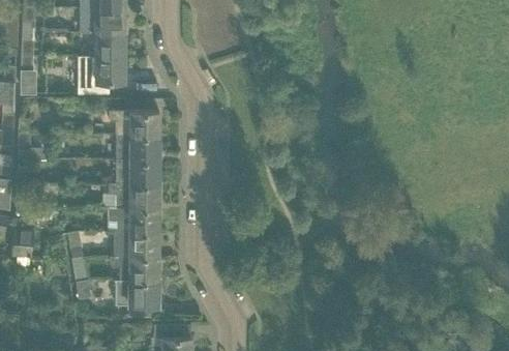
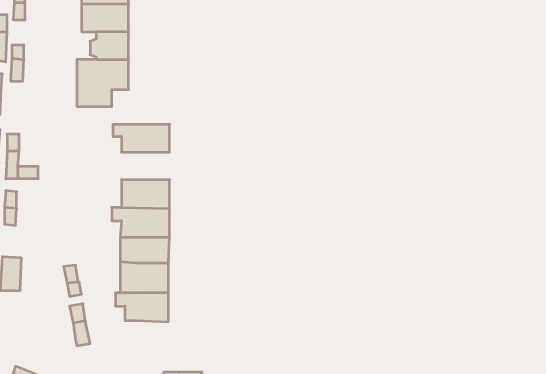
building: [118,137,159,160] -> none
building: [116,282,158,308] -> none

